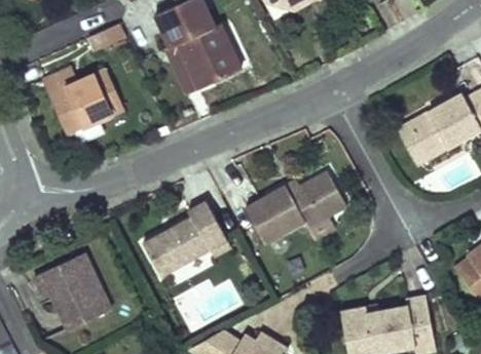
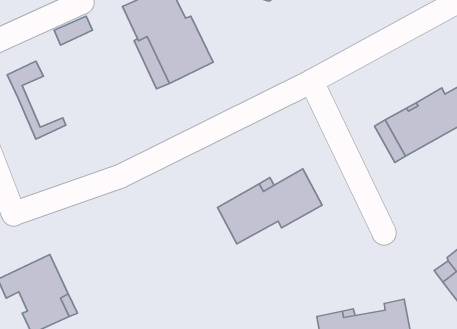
building: [58,69,124,130] -> none
building: [142,200,225,276] -> none

